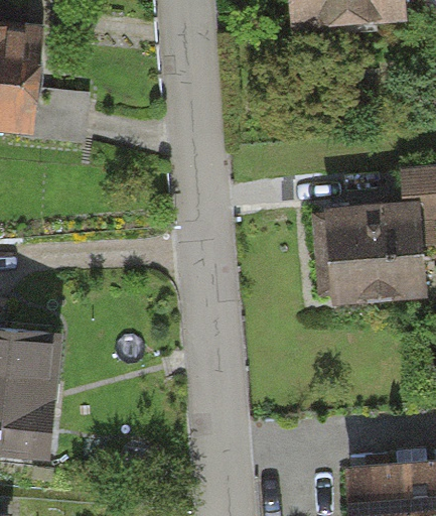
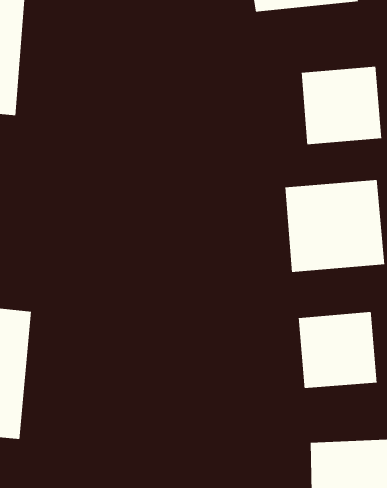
building: none -> [301,66,382,145]
building: none -> [298,311,377,389]

